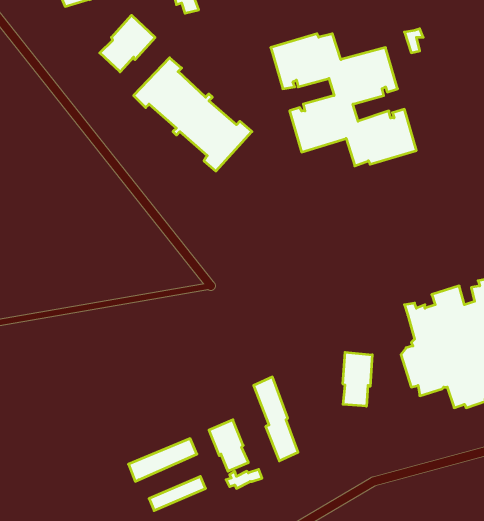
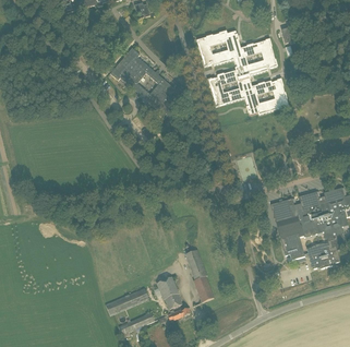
building: [100,15,155,72] -> none
building: [343,352,372,406] -> none

